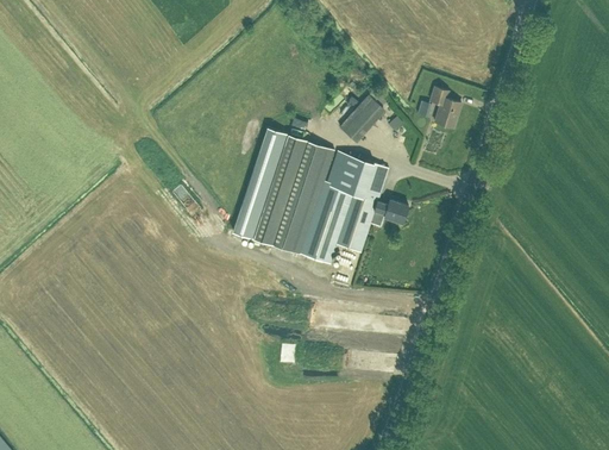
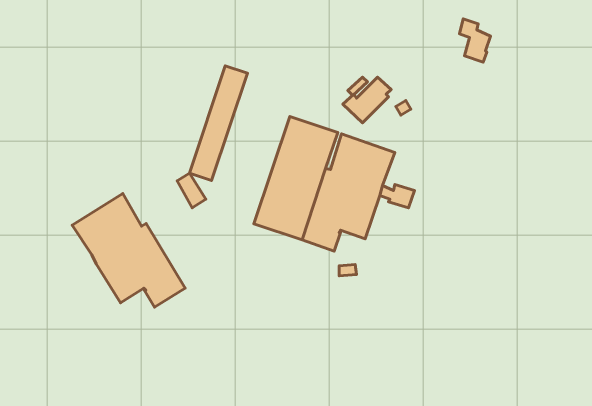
building: [429,87,459,129] -> [460,19,490,62]
building: [231,127,287,238] -> [189,66,247,181]
building: none -> [72,194,185,307]

